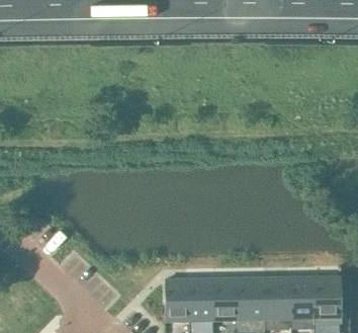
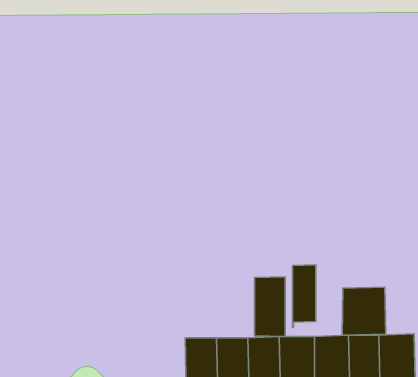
building: none -> [292,265,316,328]
building: none -> [255,277,285,336]
building: none -> [342,287,386,335]

